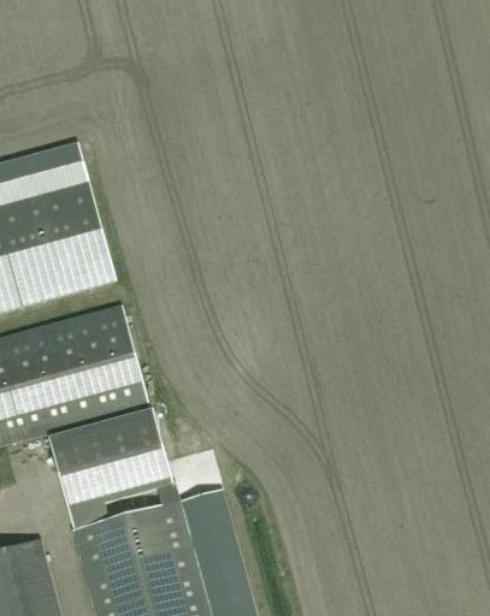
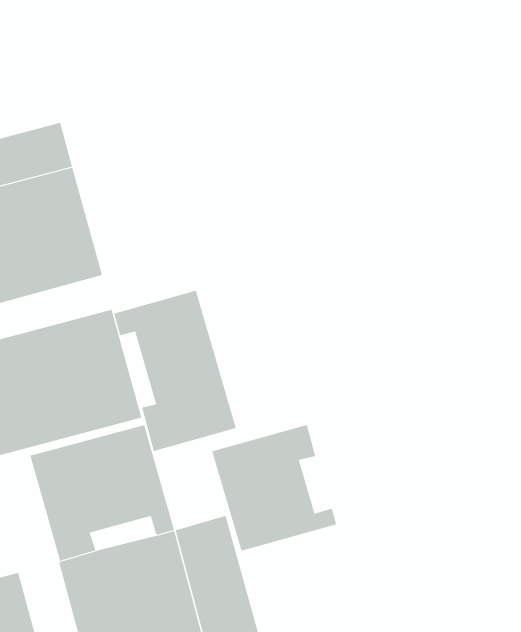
building: none -> [113,290,236,452]
building: none -> [212,424,337,552]

